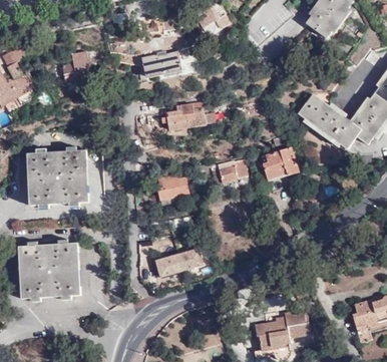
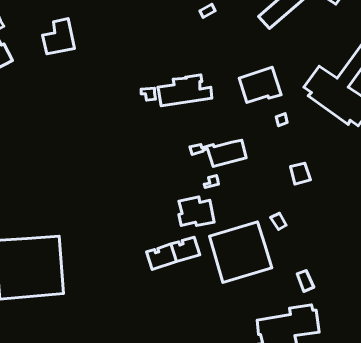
building: [141,50,181,75] -> none
building: [261,146,299,178] -> [239,67,281,103]
building: [28,150,91,209] -> none
building: [157,173,189,200] -> [179,197,214,226]
building: none -> [209,222,272,283]

